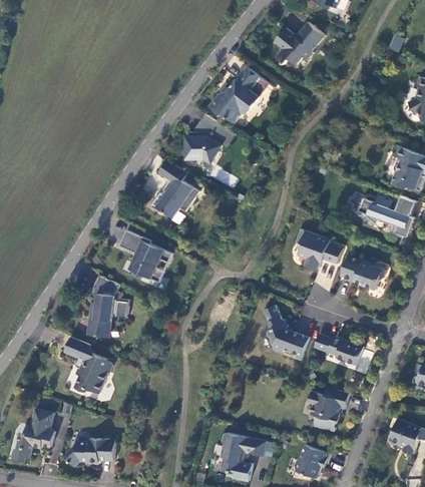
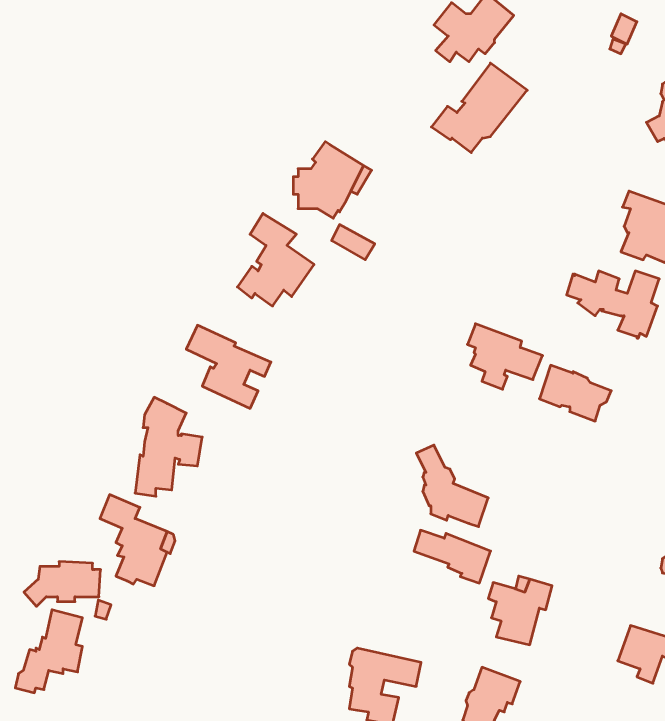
building: [208,67,269,123] -> [431,63,527,153]
building: [314,335,362,368] -> [414,530,491,583]
building: [66,439,114,467] -> [24,562,101,606]

